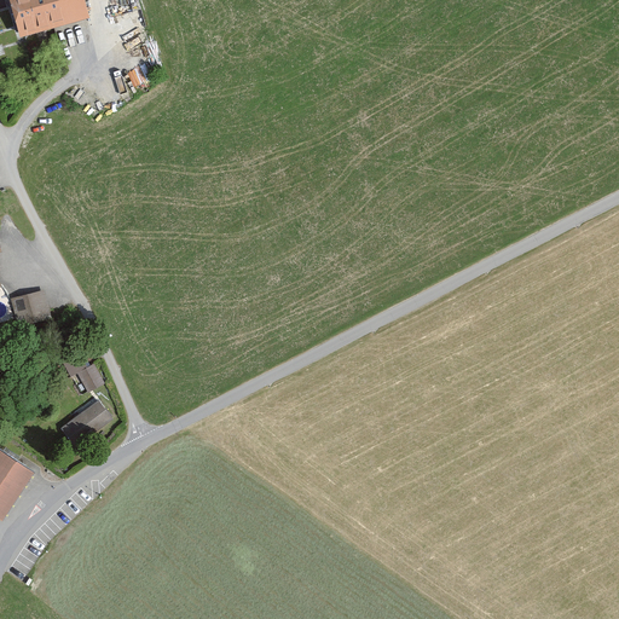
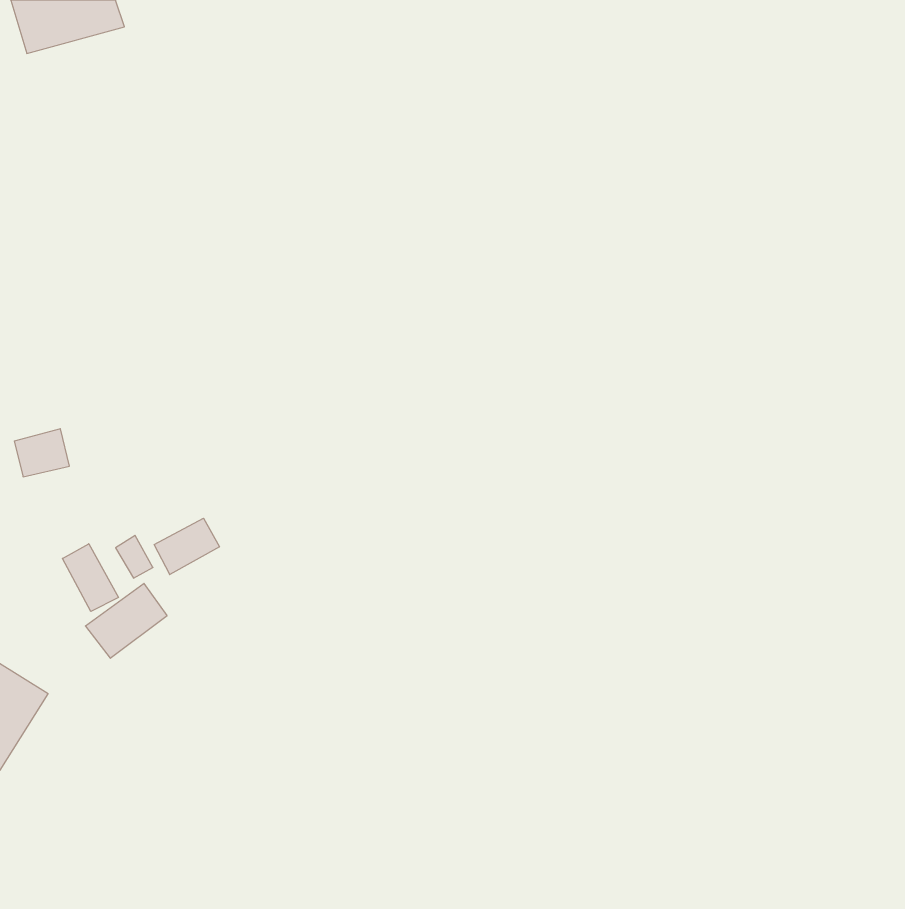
building: none -> [154,518,219,575]
building: none -> [62,544,118,611]

